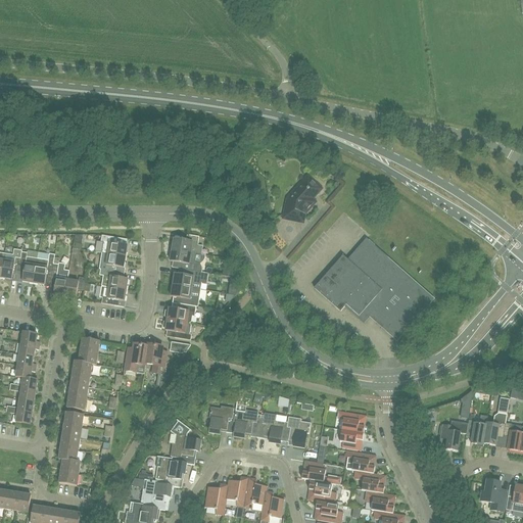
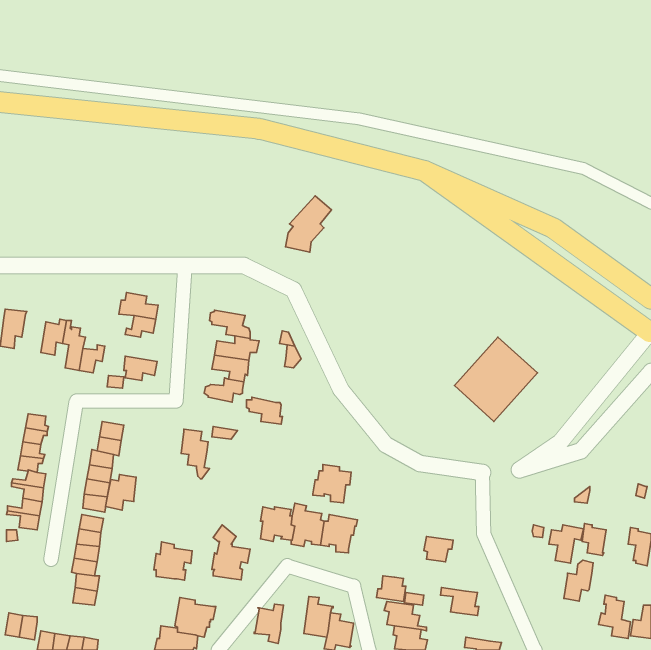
building: [283,176,320,221] -> [286,196,332,252]
building: [172,234,201,253] -> none
building: [314,241,398,315] -> none
building: [17,249,38,282] -> none
building: [99,268,128,289] -> none
building: [162,318,191,339] -> [247,397,282,424]
building: [123,343,147,372] -> [106,475,136,510]
building: [336,411,364,432] -> none
building: [482,412,506,444] -> [564,560,593,601]
building: [279,416,310,446] -> [313,464,351,503]
building: [344,449,374,473] -> none
building: [154,456,185,486] -> [154,542,192,580]
building: [225,476,247,507] -> none
building: [364,490,393,513] -> none

